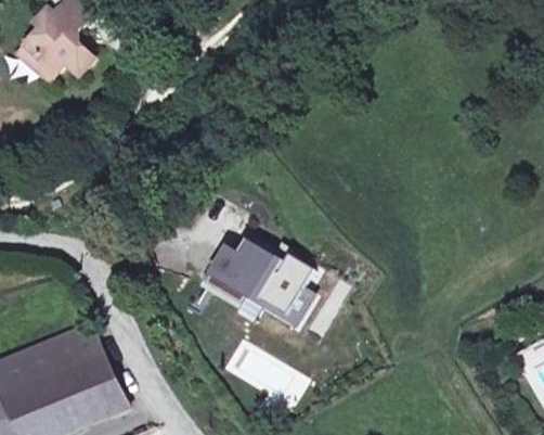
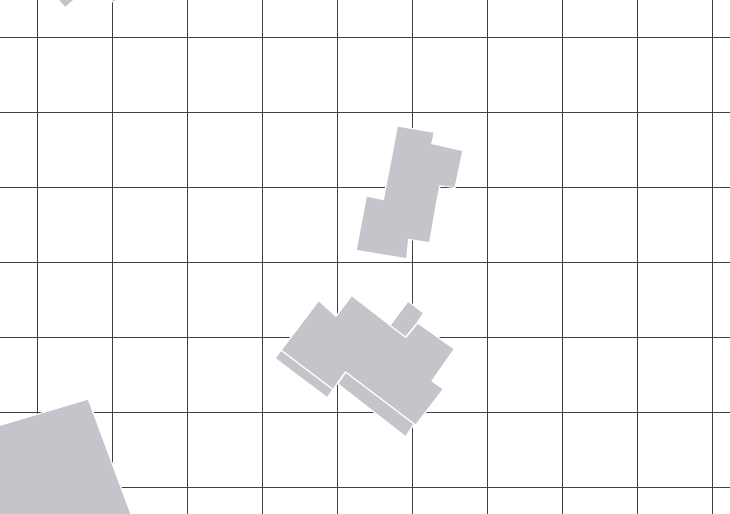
building: none -> [356,126,463,259]

